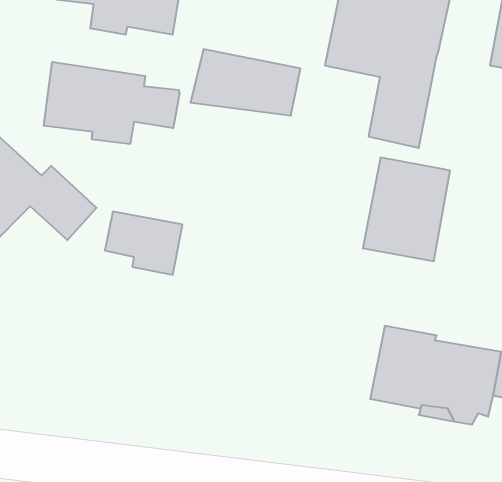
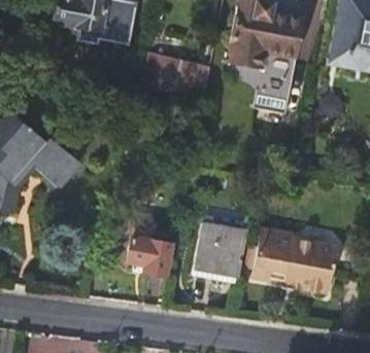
building: [44,62,179,144] -> none
building: [363,158,450,261] -> [193,220,248,286]
building: [105,212,182,275] -> [125,235,174,275]

